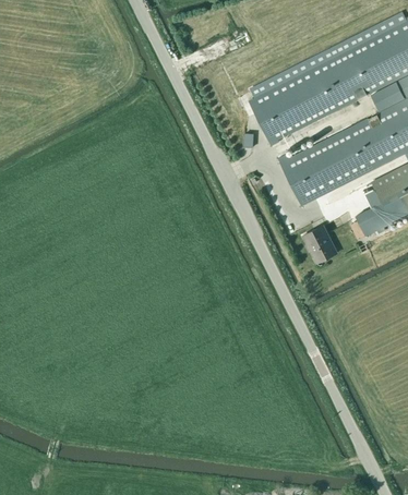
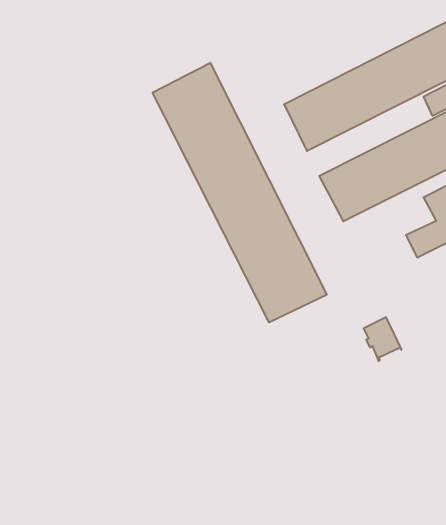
building: none -> [153,63,327,322]
building: [302,224,335,262] -> [364,317,401,361]

